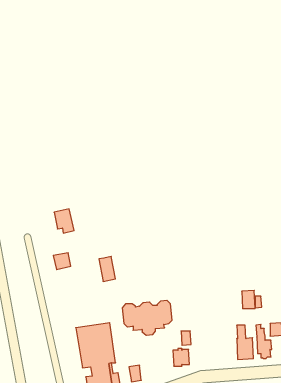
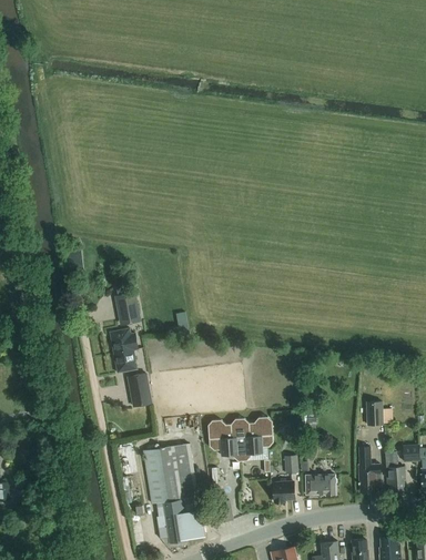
building: none -> [110,330,138,354]
building: [99,256,115,281] -> [128,373,150,406]
building: none -> [304,475,336,495]

